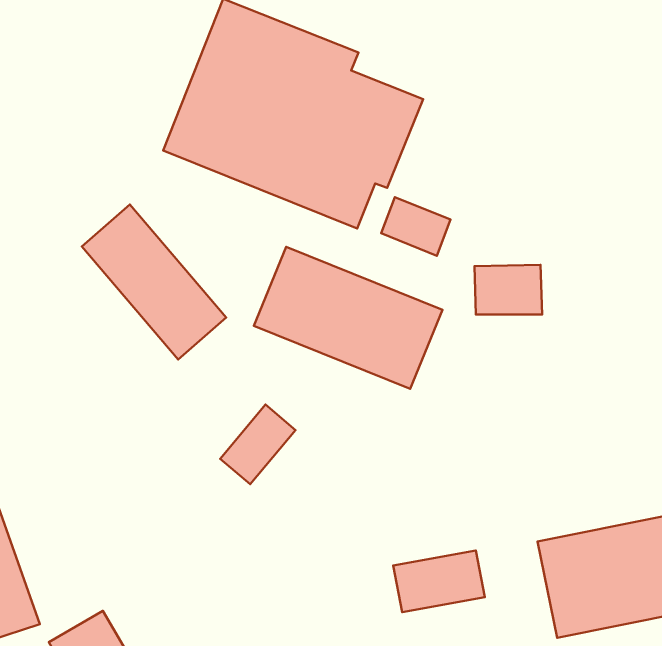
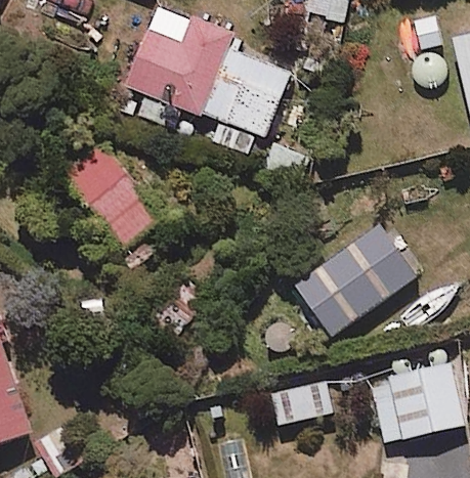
building: [254,247,443,389] -> none
building: none -> [294,221,420,336]

